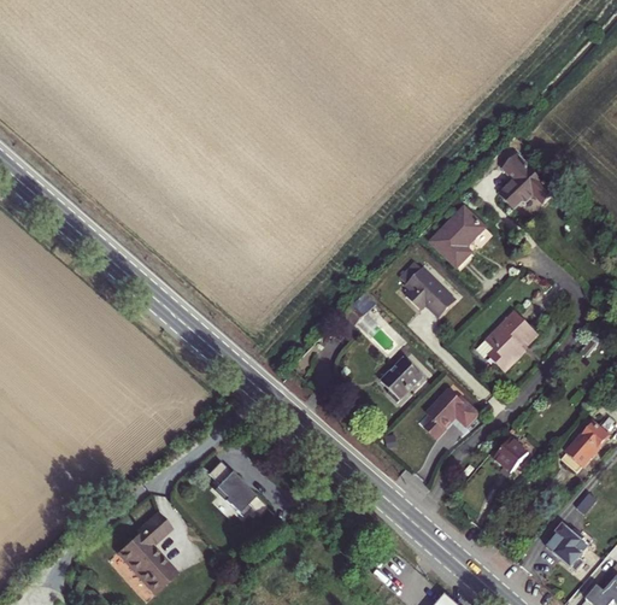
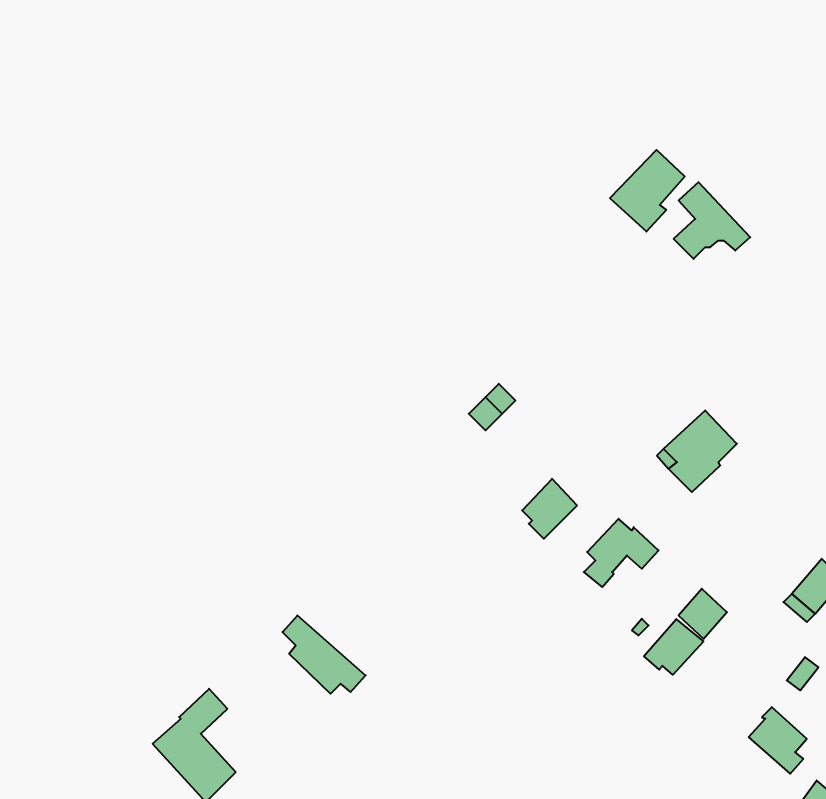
building: [423,199,477,258] -> [610,150,685,232]
building: [401,263,457,317] -> none
building: none -> [644,619,703,675]

